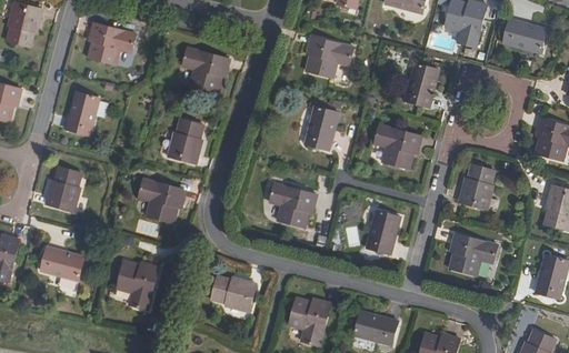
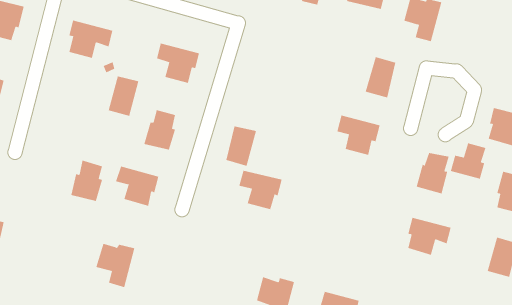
building: [505,17,549,52] -> none
building: [305,36,352,77] -> none
building: [66,91,99,134] -> [108,76,139,117]
building: [305,107,338,150] -> [225,126,257,166]
building: none -> [450,143,486,179]
building: [46,165,80,210] -> [70,160,103,202]
building: [366,210,399,253] -> none
building: [41,246,83,279] -> none
building: [210,275,254,310] -> none

